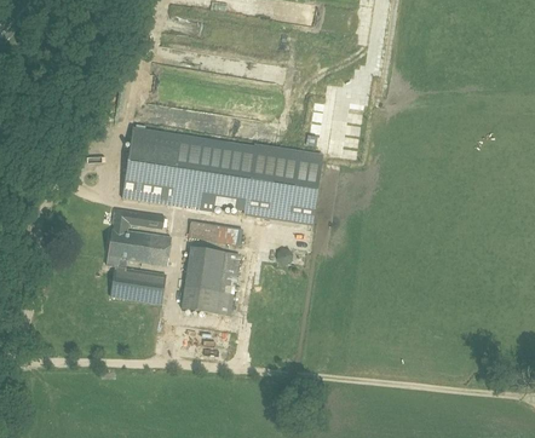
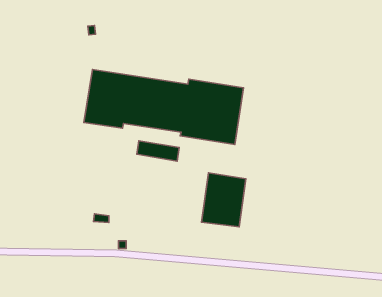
building: [105,208,171,301] -> none
building: [182,246,237,313] -> [202,173,246,227]

